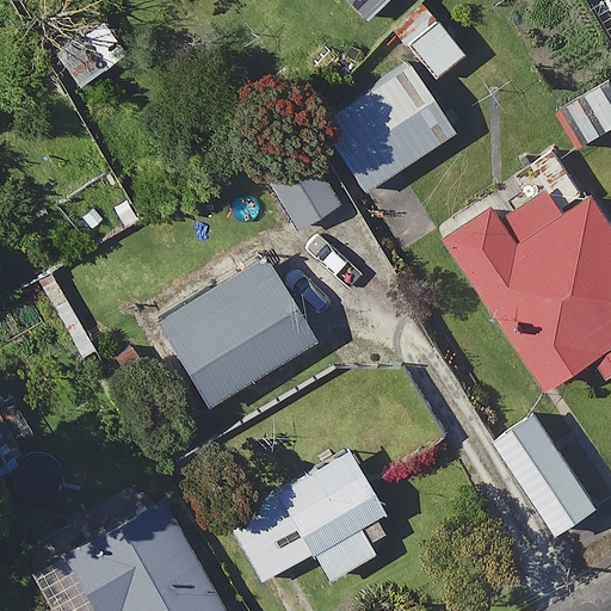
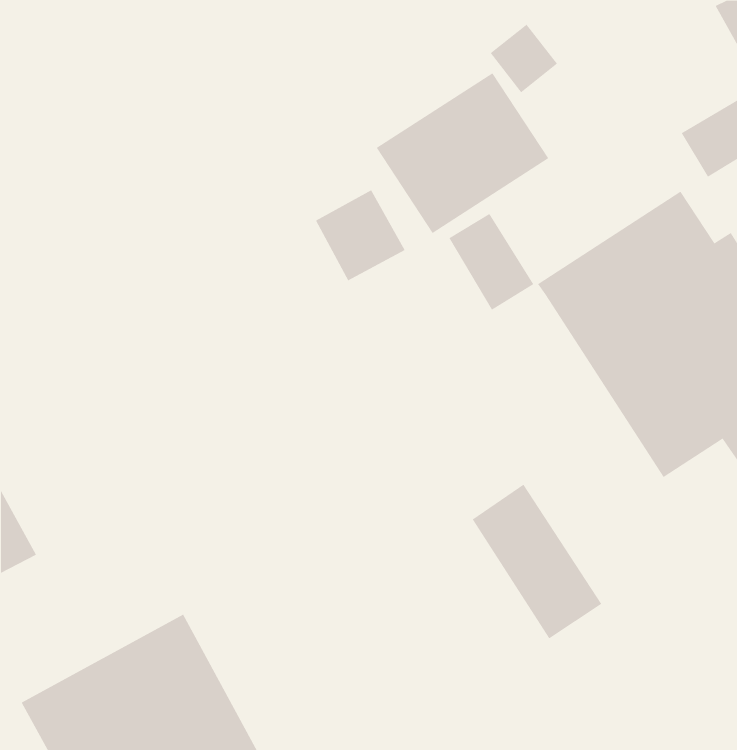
building: [152,257,315,409] -> none
building: [499,413,604,538] -> [472,484,602,639]
building: [228,452,389,582] -> none

